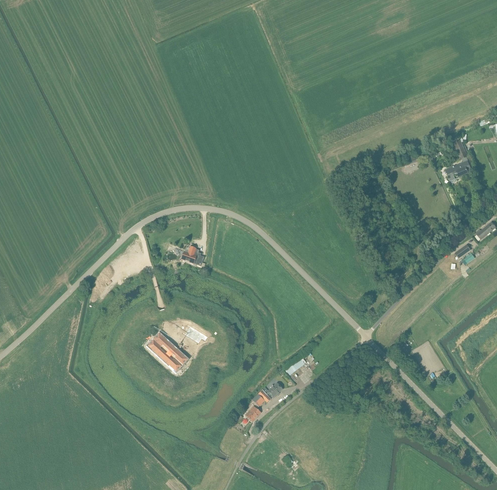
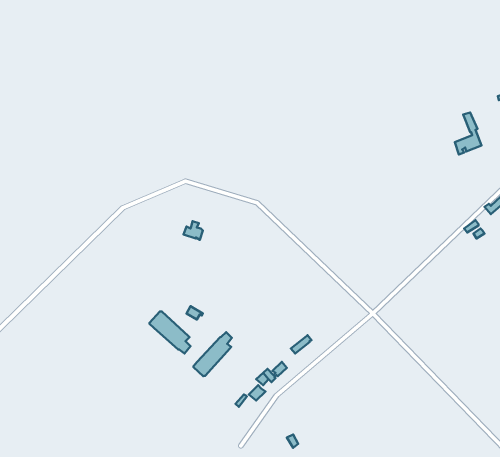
building: none -> [193,332,232,376]

